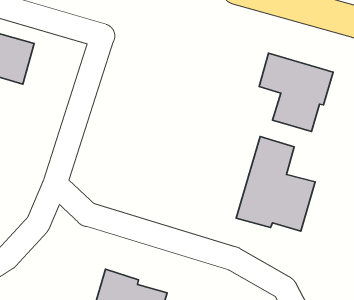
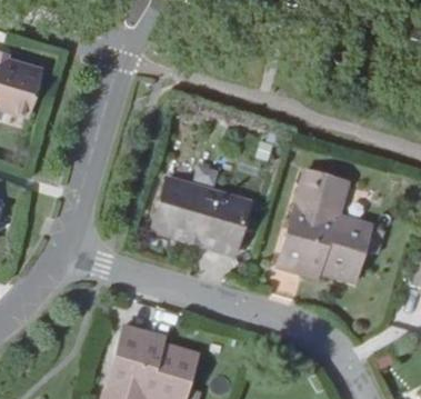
building: [259,53,333,132] -> none
building: none -> [152,179,250,255]

